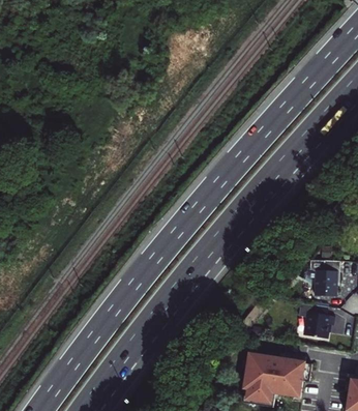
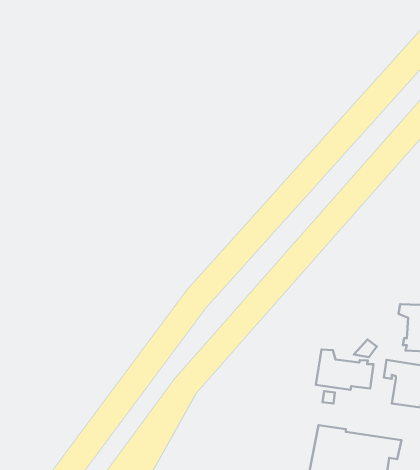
building: none -> [316,349,374,390]

